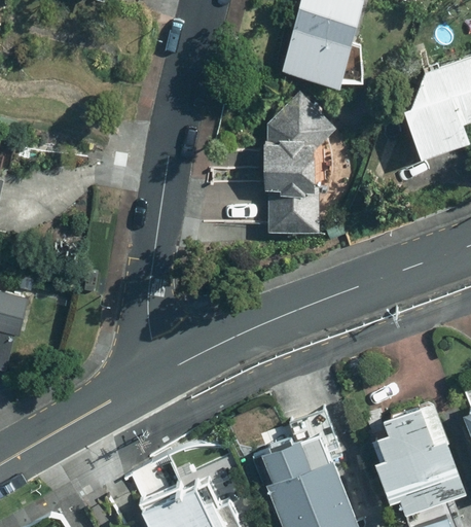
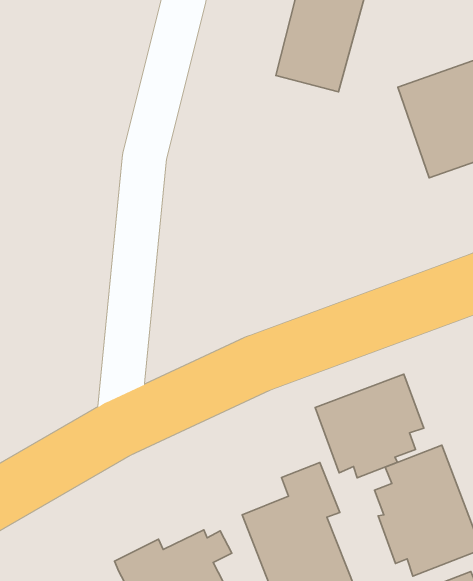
building: [264,94,335,234] -> none
building: none -> [315,374,424,478]

